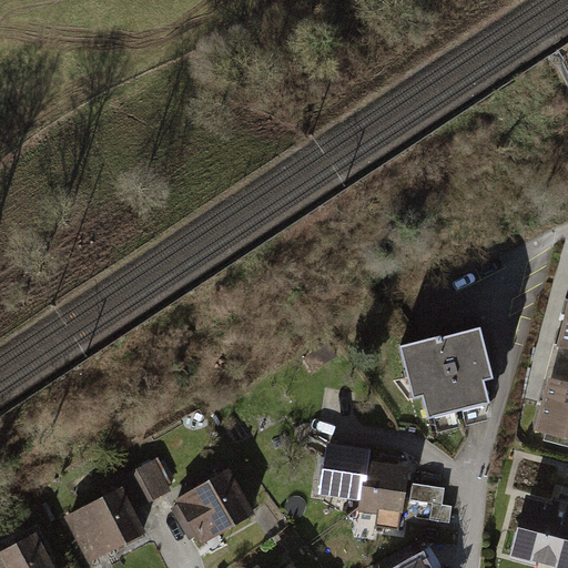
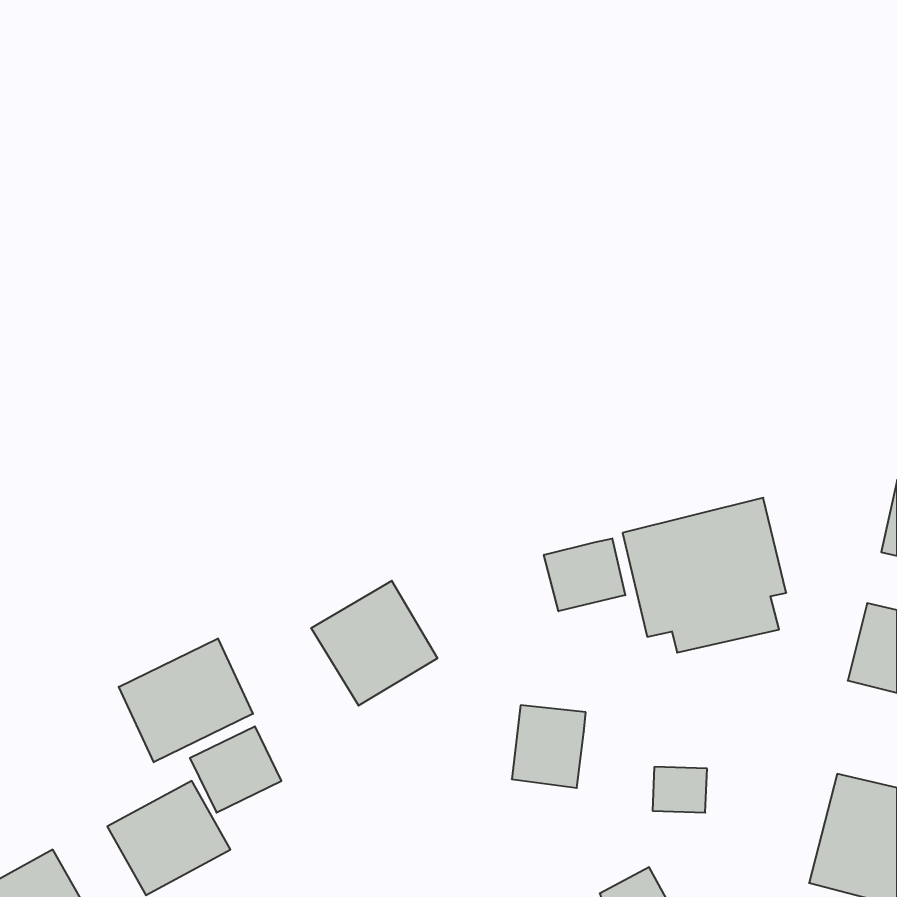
building: none -> [544,538,625,611]
building: none -> [119,638,253,762]
building: [363,463,406,515] -> none
building: [176,470,256,549] -> [311,581,438,706]

